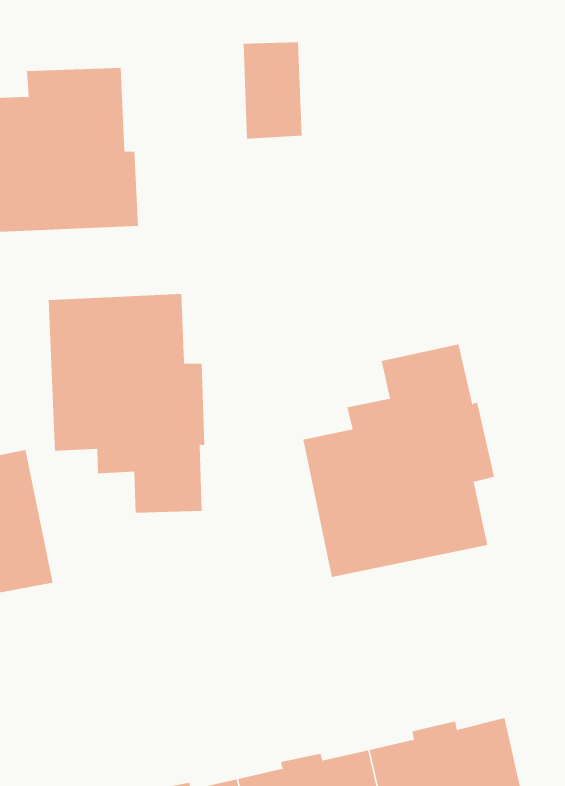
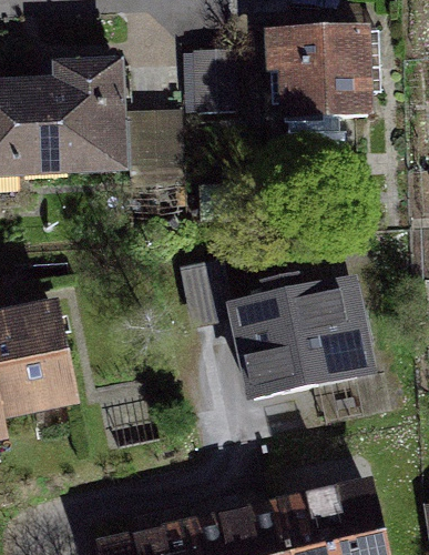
building: none -> [270,32,379,157]
building: [48,293,205,514] -> none

